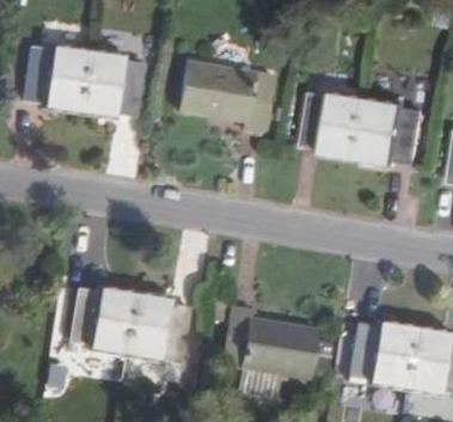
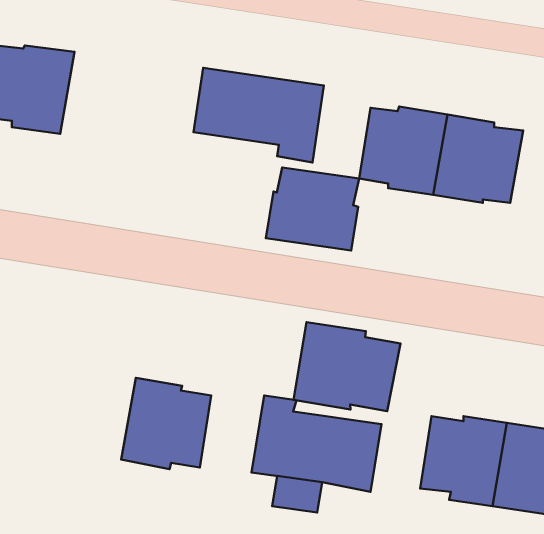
building: [78,51,142,117] -> none
building: none -> [266,167,359,251]
building: none -> [294,322,400,411]
building: [67,288,134,355] -> none

